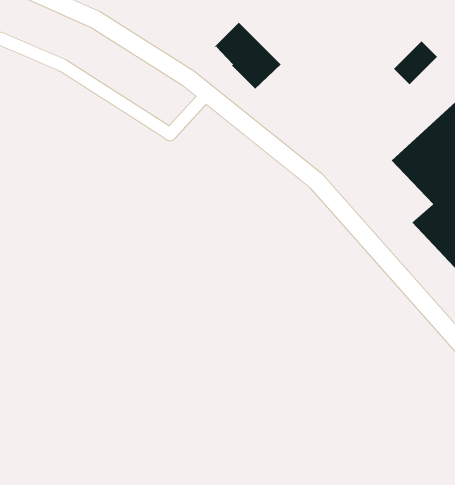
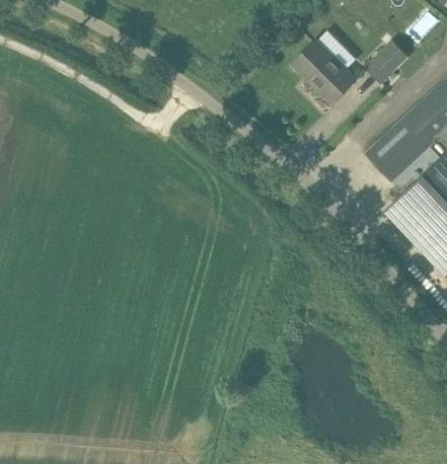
building: [213,22,281,90] -> [293,40,357,102]

